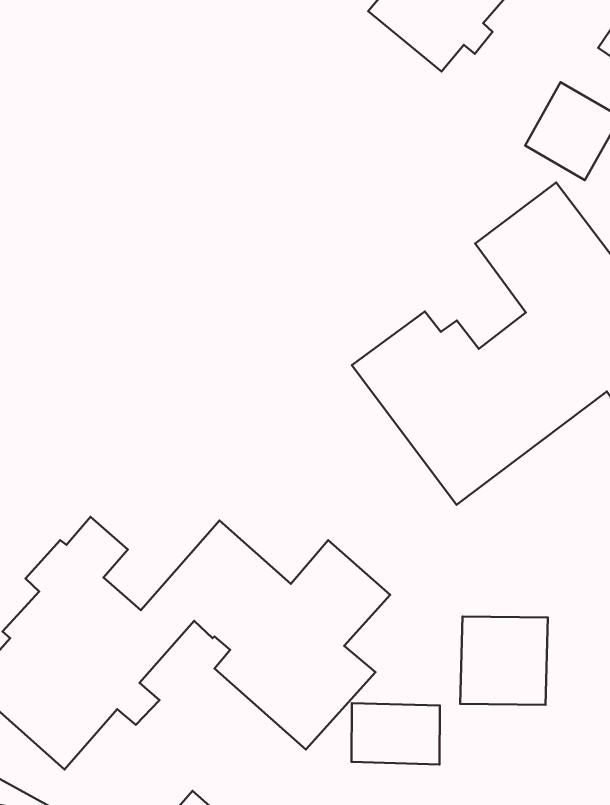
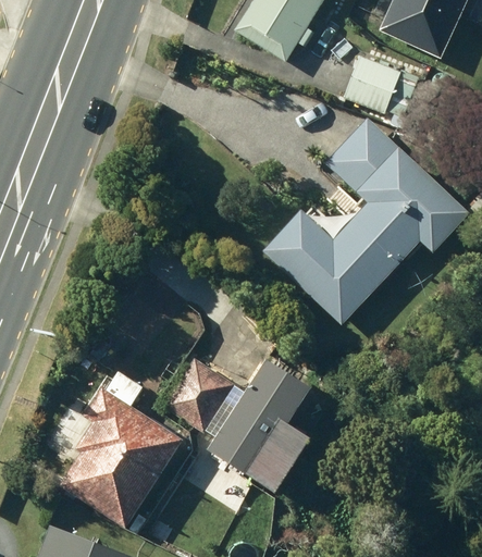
building: [460,616,548,705] -> none
building: [351,703,440,764] -> none

